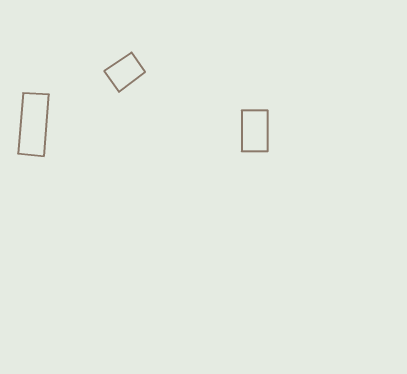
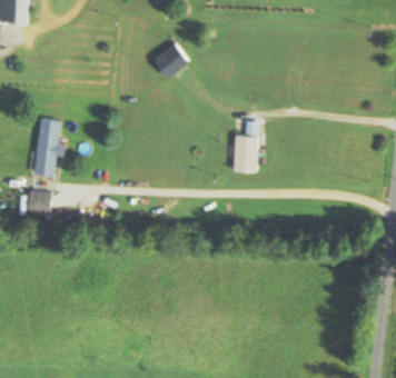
building: [104,52,145,92] -> [152,42,189,78]
building: none -> [24,192,51,216]

